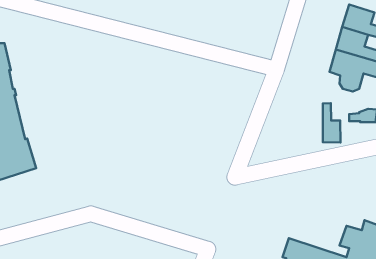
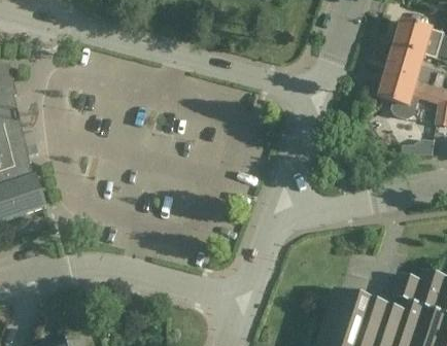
building: [323,103,341,143] -> none

